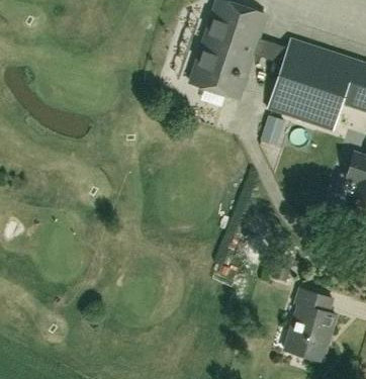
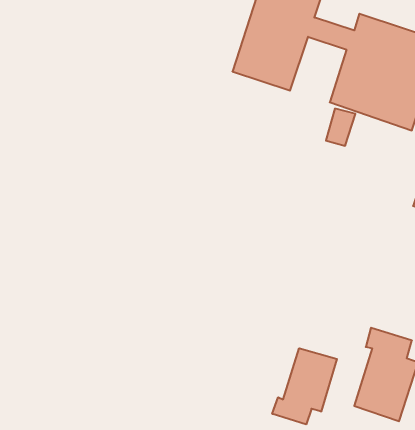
building: none -> [272,348,337,424]

